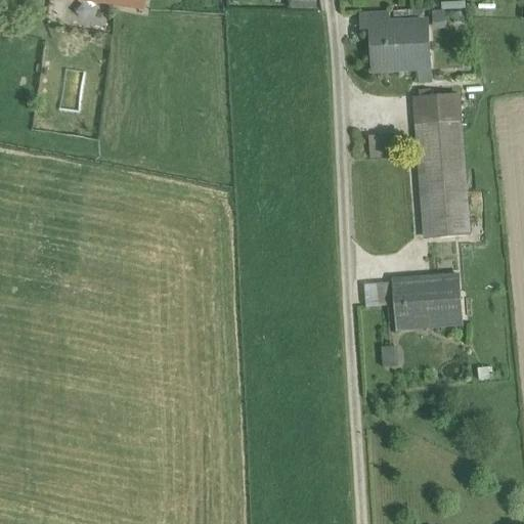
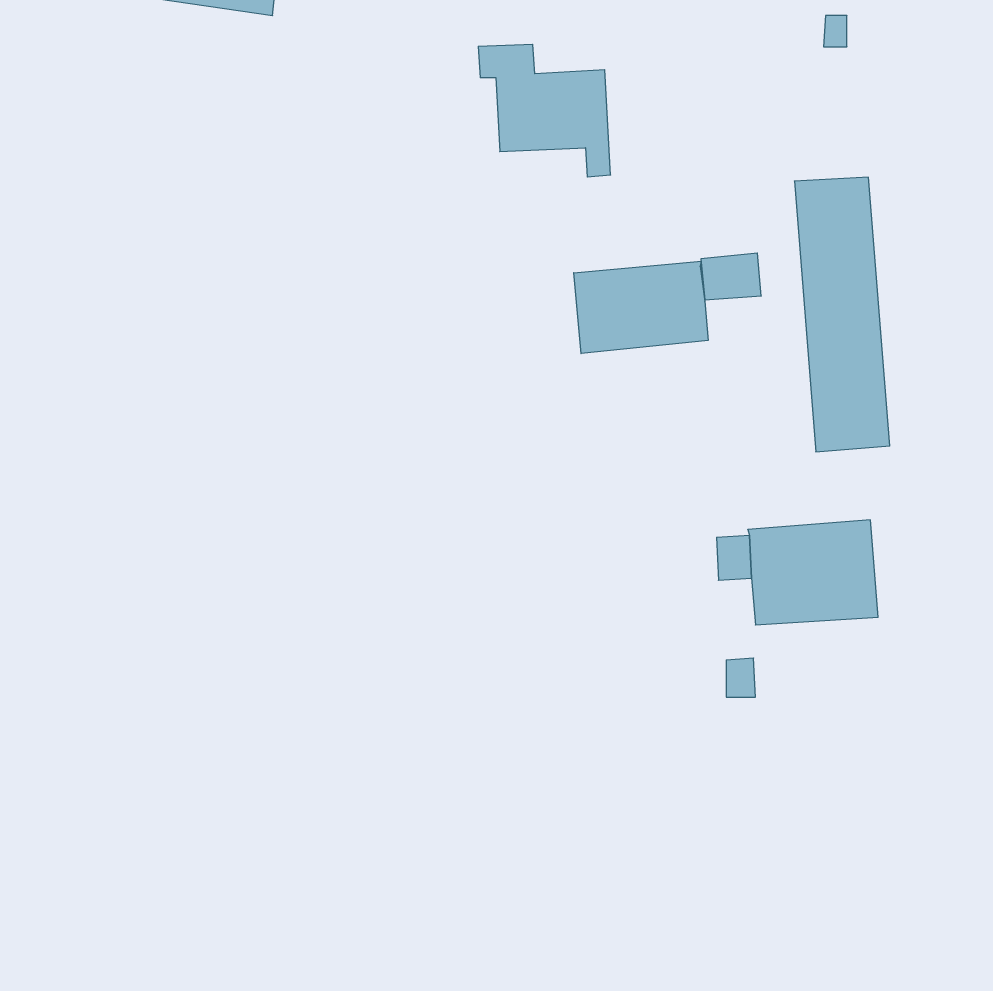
building: [360,10,430,80] -> [478,44,611,177]
building: none -> [574,261,708,354]

